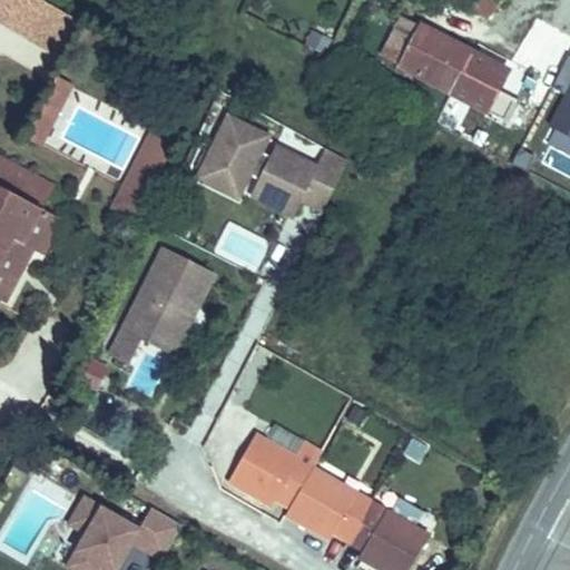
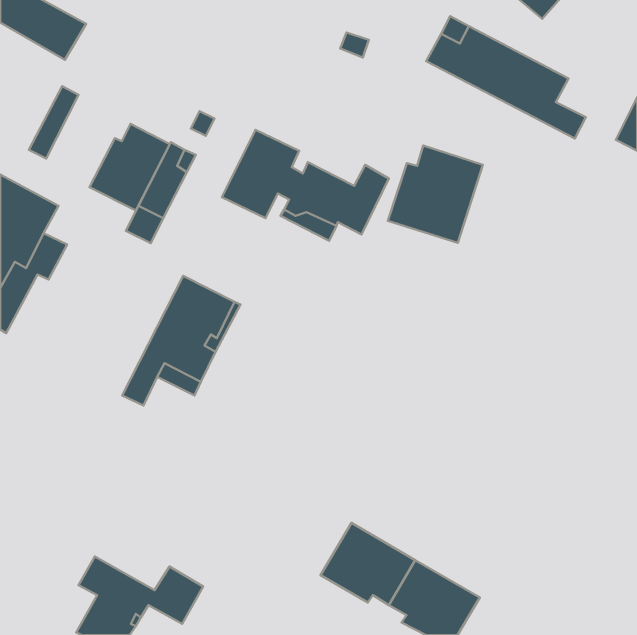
building: none -> [89,124,170,211]
building: none -> [388,146,483,243]
building: [228,433,314,507] -> none

